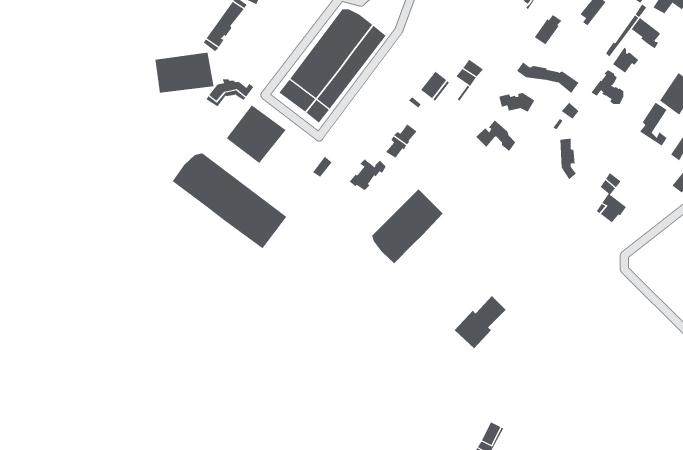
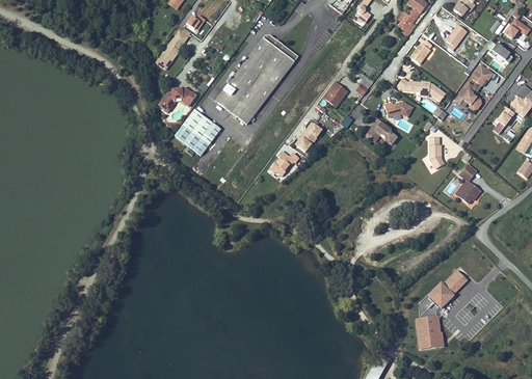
building: [155,52,214,94] -> none
building: [172,152,287,249] -> none
building: [372,189,444,264] -> none
building: [454,295,507,349] -> [428,268,469,309]
building: none -> [416,314,446,350]

